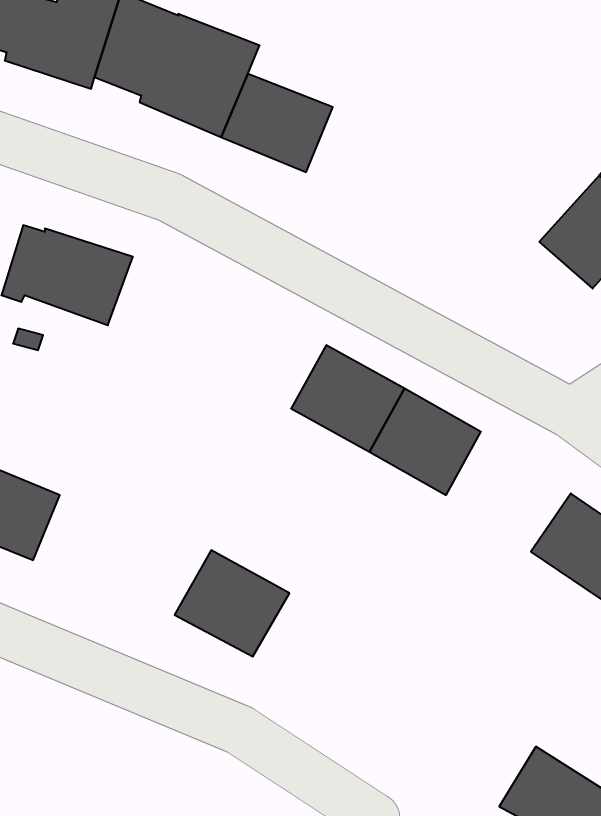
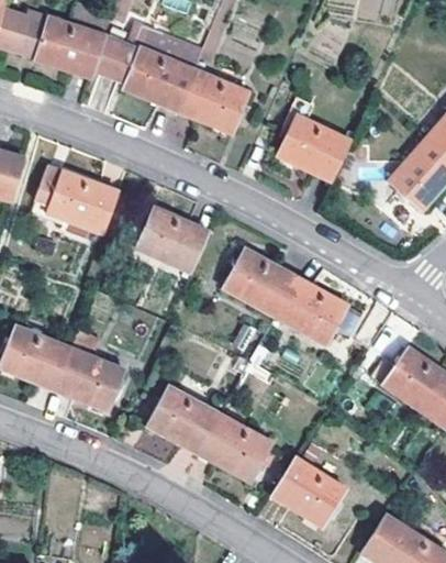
building: none -> [276,93,352,183]
building: none -> [125,207,210,273]
building: none -> [53,328,125,412]
building: none -> [198,412,274,484]
building: none -> [270,457,346,528]

